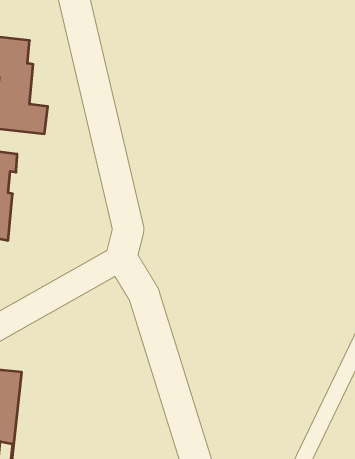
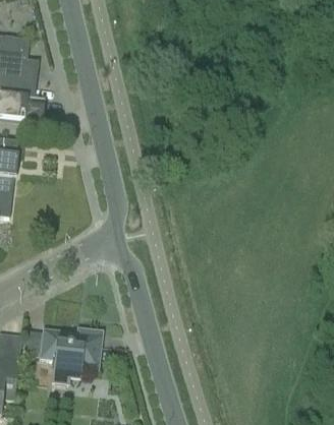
building: none -> [39,327,104,382]

